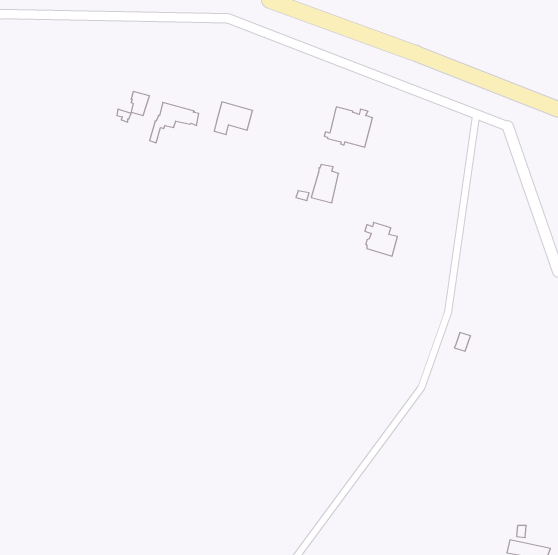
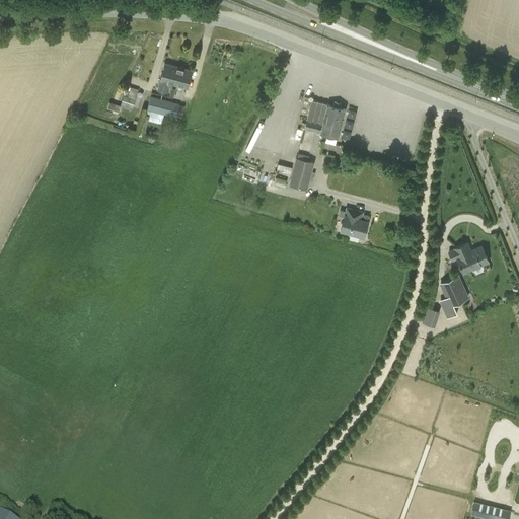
building: [214,102,253,135] -> [157,64,193,94]
building: none -> [449,243,489,275]
building: none -> [440,277,467,319]

